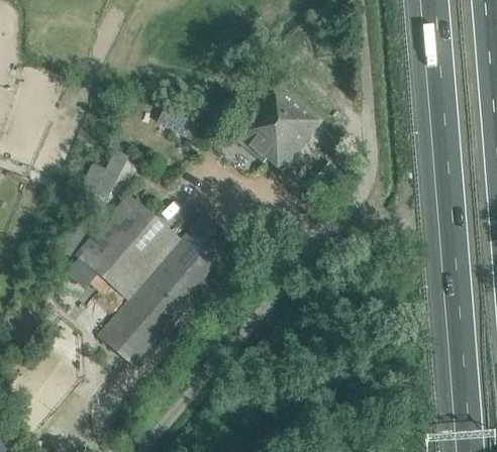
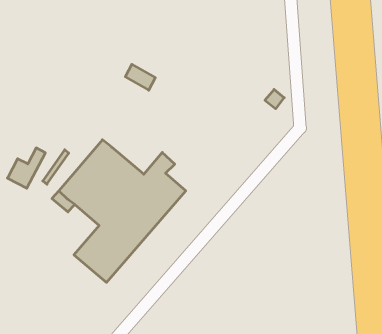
building: [229,81,321,171] -> none
building: [84,148,129,197] -> [7,148,45,188]

